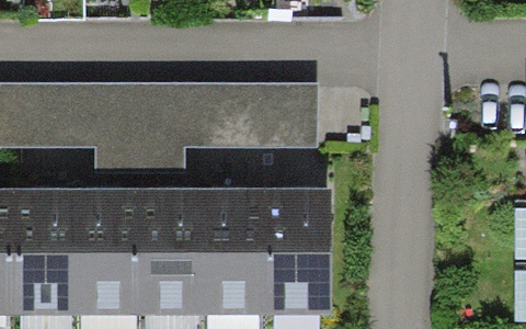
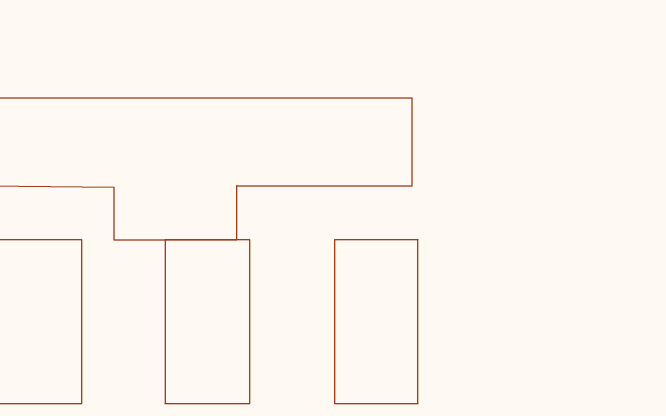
building: [69,190,132,313] -> none
building: [195,190,259,313] -> none

